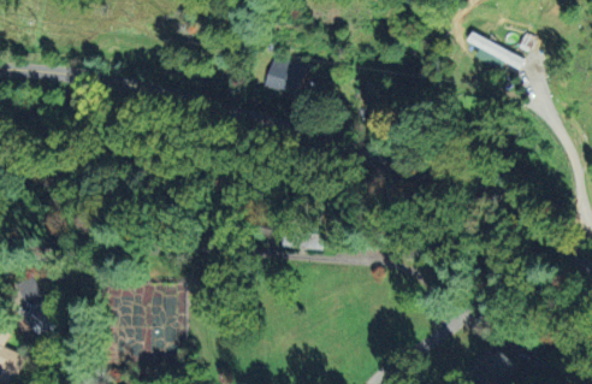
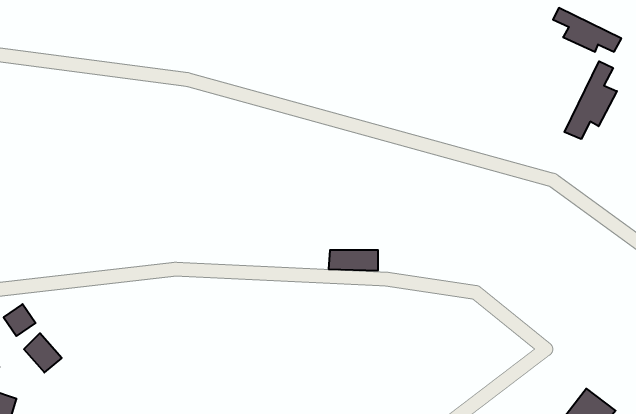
building: [262,55,303,93] -> none
building: none -> [564,61,617,139]

